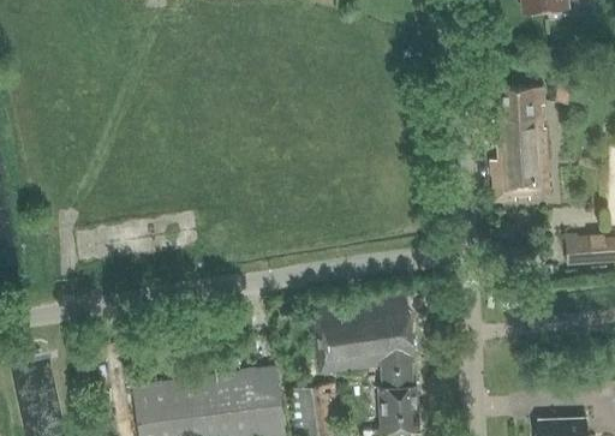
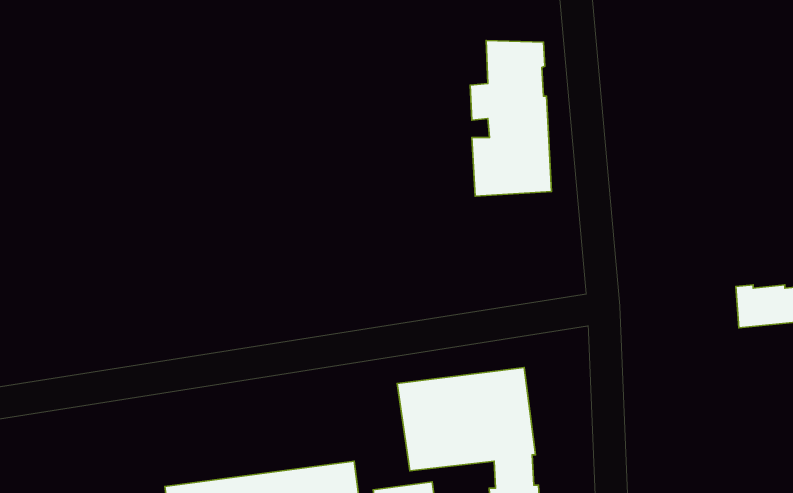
building: [488,85,549,203] -> [470,41,551,196]

